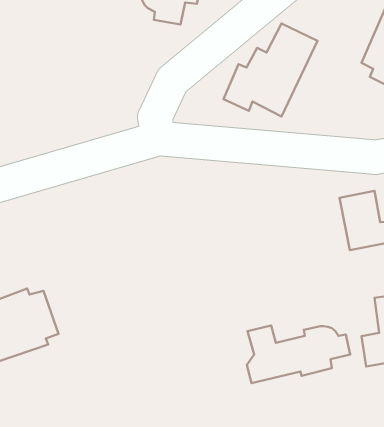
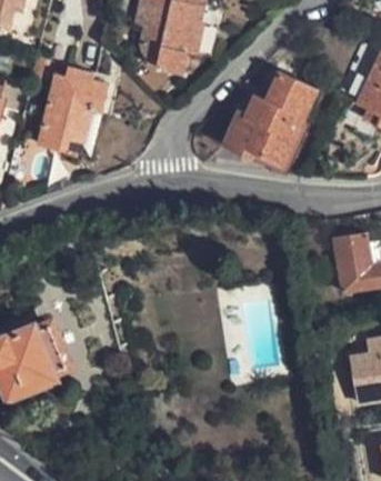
building: none -> [39,71,109,151]
building: [247,325,350,383] -> none

